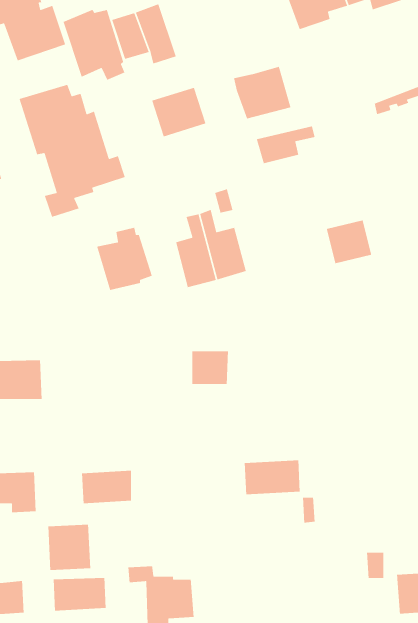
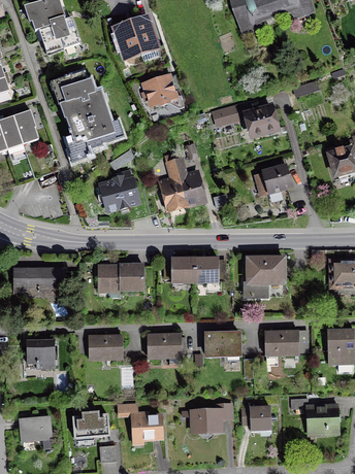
building: [62,9,125,81] -> none
building: [233,66,291,120] -> [239,104,280,141]
building: none -> [240,250,282,293]
building: none -> [192,257,217,280]
building: none -> [94,259,140,286]
building: none -> [266,333,303,357]
building: none -> [151,336,187,360]
building: [47,524,91,571] -> none
building: none -> [192,402,233,433]
building: none -> [247,406,269,429]

